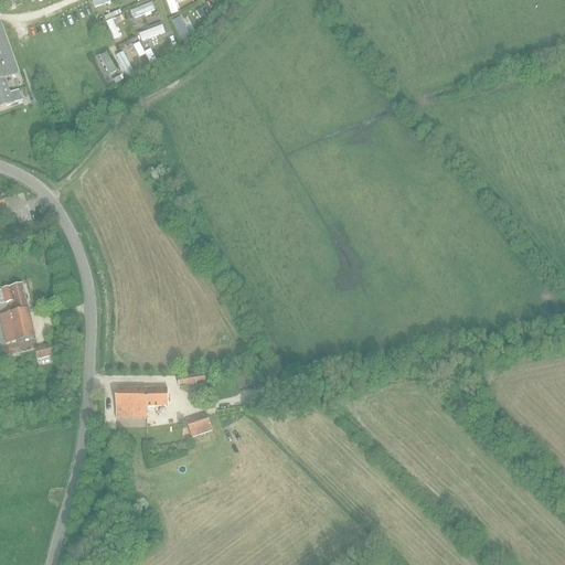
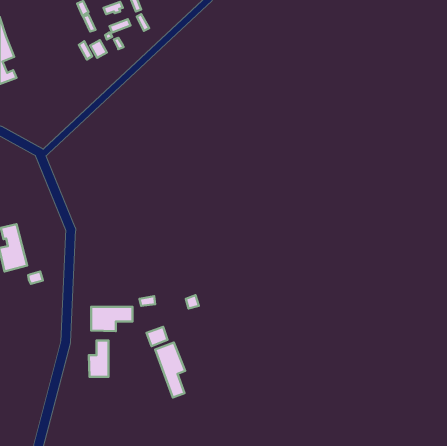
building: none -> [89,341,108,377]
building: none -> [155,342,185,397]

